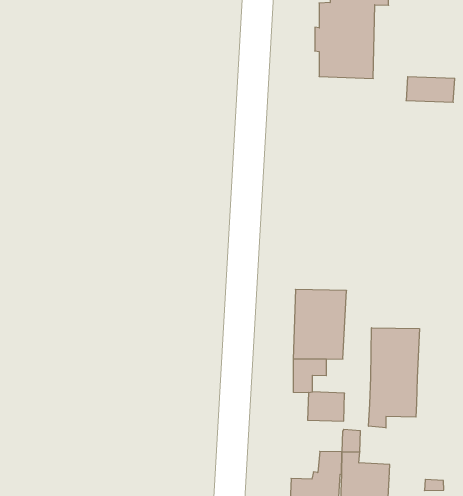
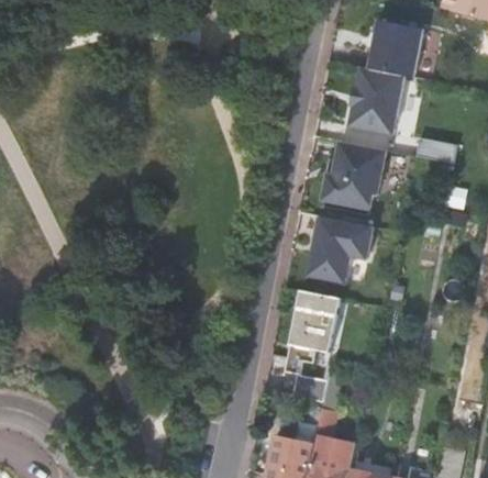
building: none -> [322,141,385,208]
building: none -> [308,215,371,281]
building: [369,328,419,428] -> none

